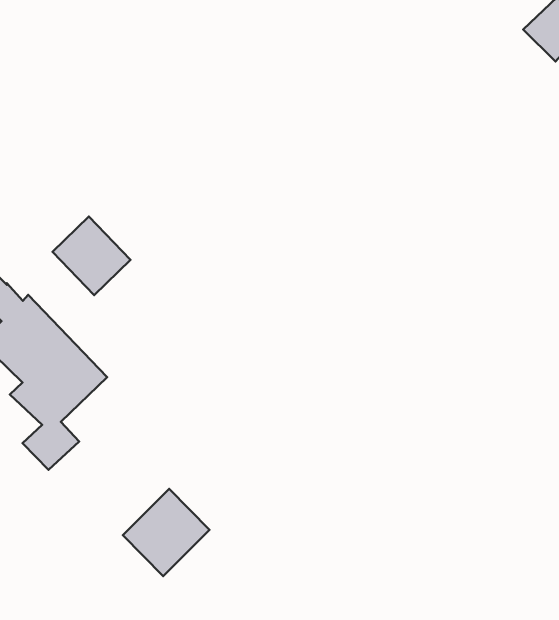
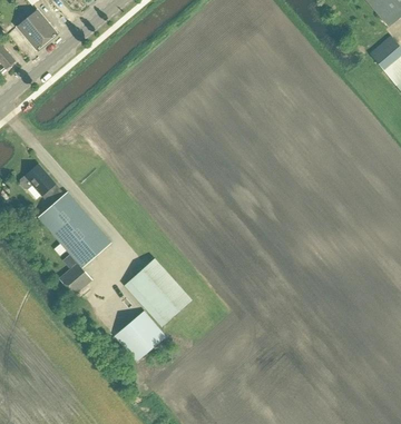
building: [53,216,130,295] -> none
building: none -> [129,258,192,322]

